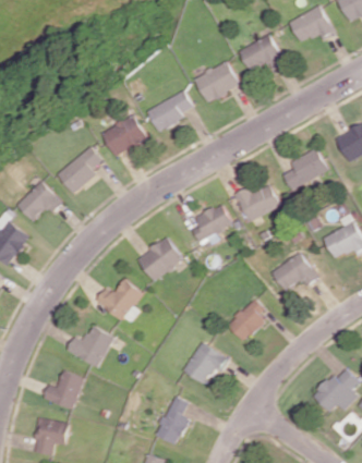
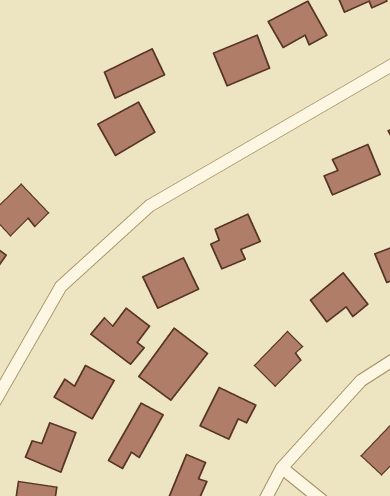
building: [148,90,196,130] -> [104,49,164,98]
building: [58,146,104,193] -> none
building: [238,181,280,220] -> none
building: none -> [139,328,207,400]
building: none -> [108,403,163,469]

